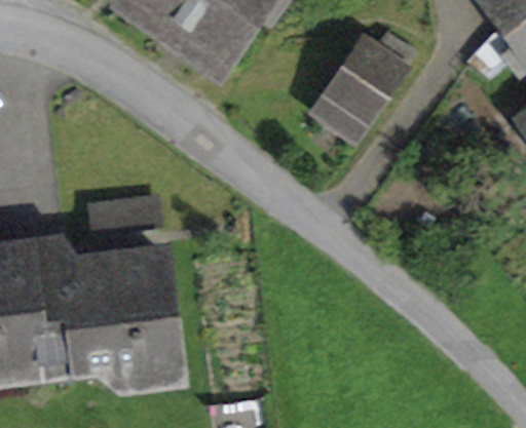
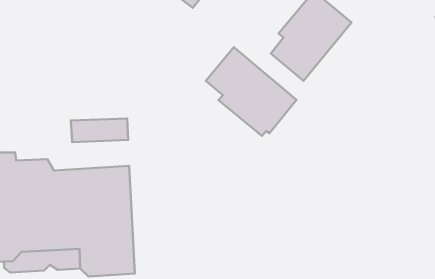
building: none -> [206,47,297,136]

